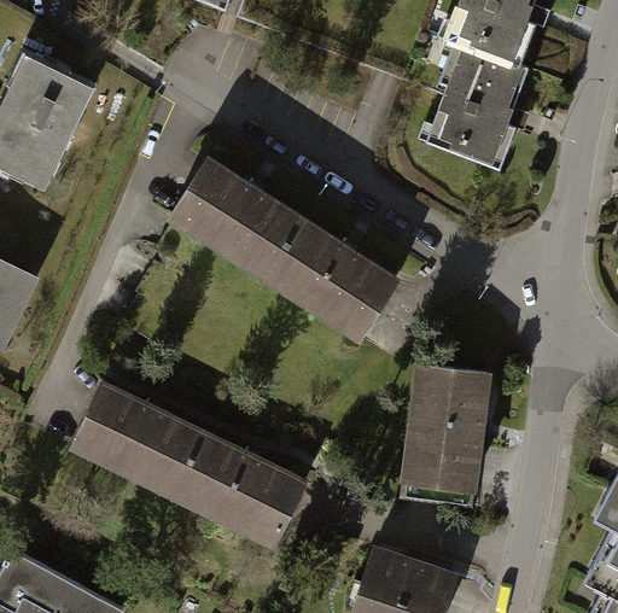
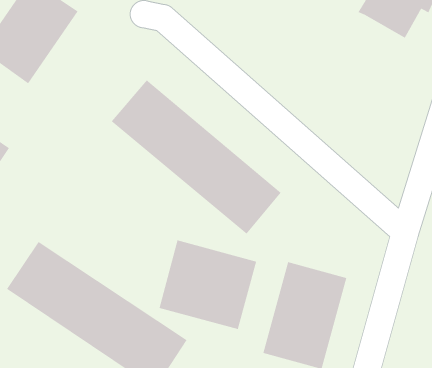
building: [435,39,532,164] -> none
building: none -> [159,240,257,330]

